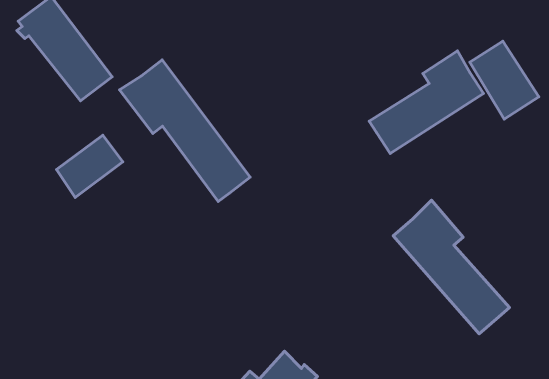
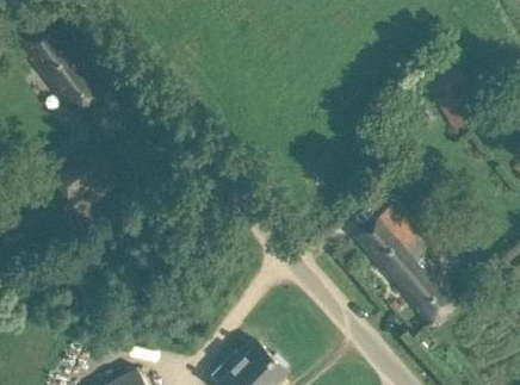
building: [369,51,483,154] -> none
building: [120,60,250,201] -> none

